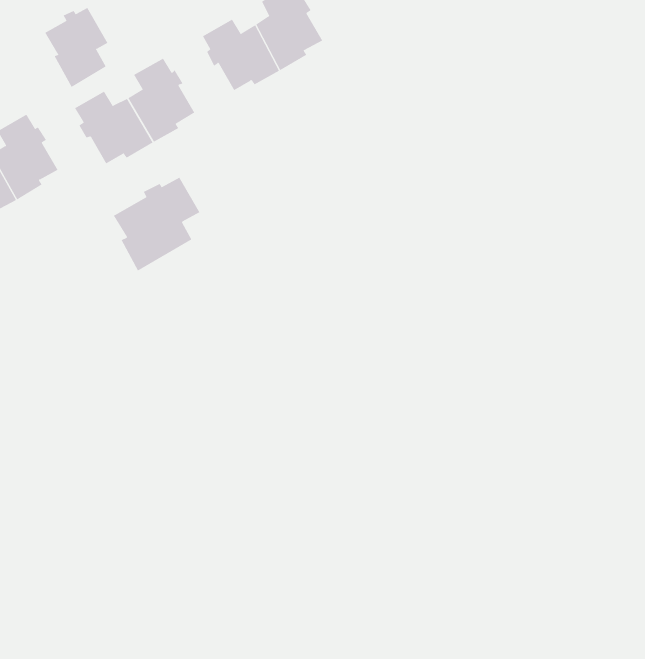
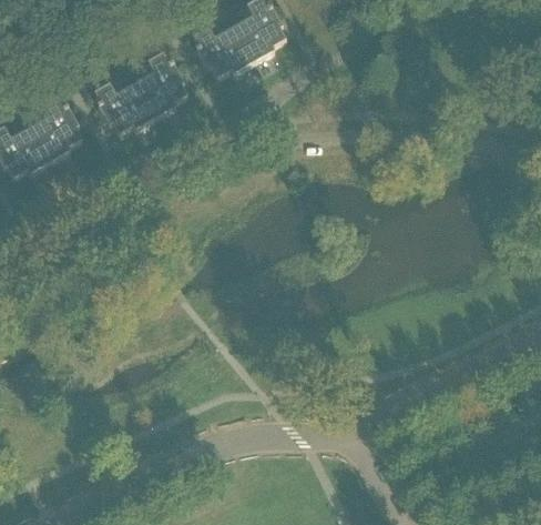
building: [45,7,108,88] -> none
building: [113,177,200,272] -> none

